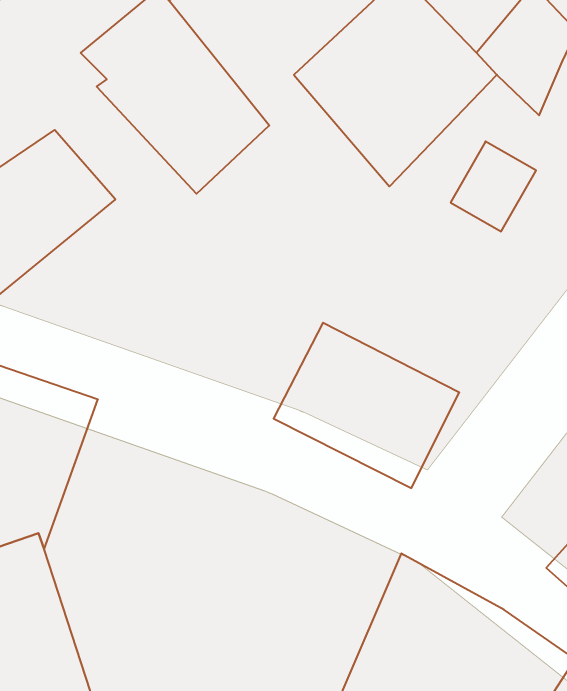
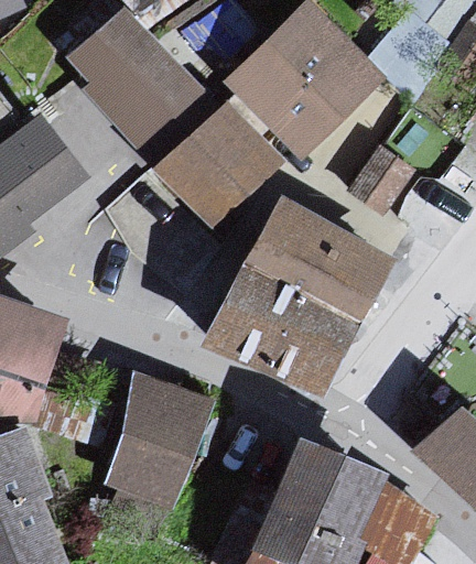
building: none -> [154,102,271,218]
building: none -> [250,207,383,318]
building: none -> [100,375,213,517]

